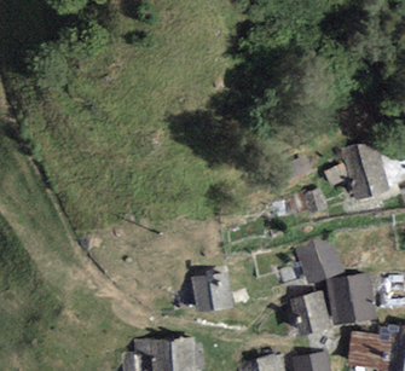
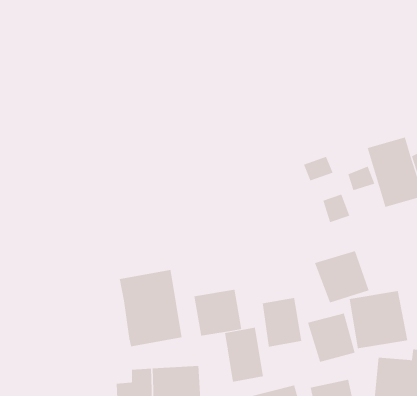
building: none -> [119,269,182,347]
building: none -> [262,297,302,348]
building: none -> [224,327,263,382]

